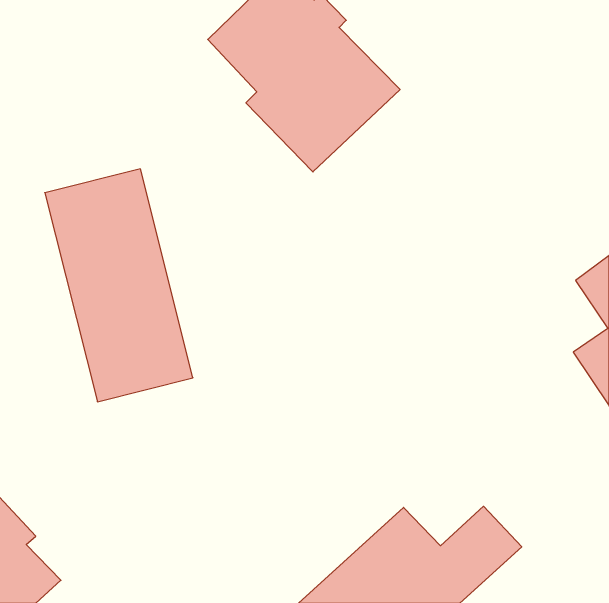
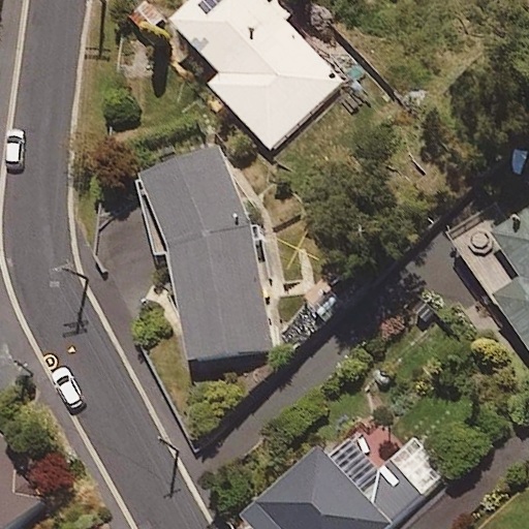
building: [45,169,193,402] -> [142,157,270,359]

